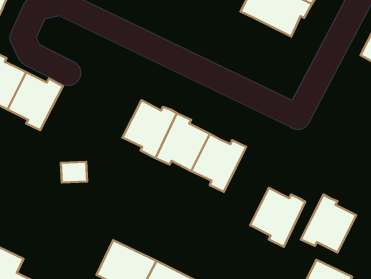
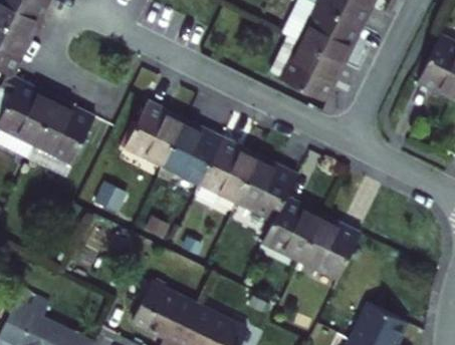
building: none -> [270,34,342,99]
building: none -> [122,107,181,169]
building: [301,195,356,252] -> [258,202,317,264]

